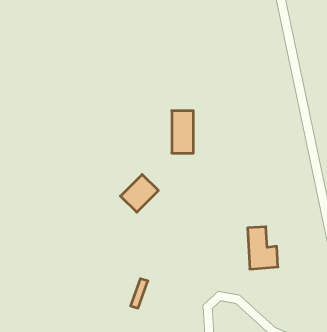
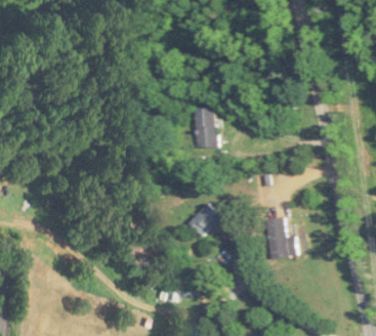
building: [120,174,158,212] -> [185,204,221,240]

